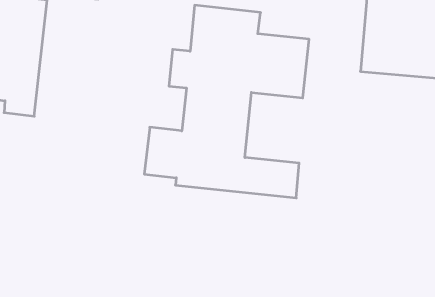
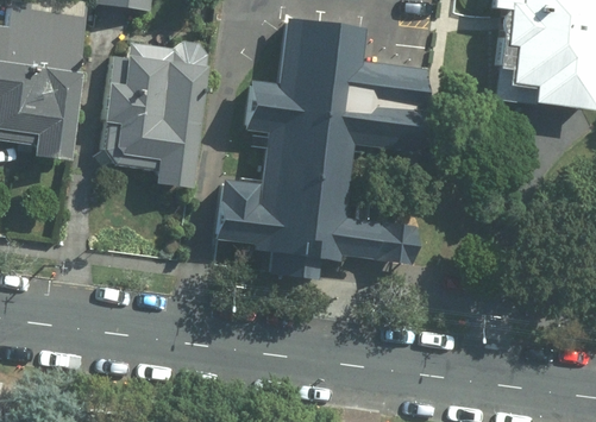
building: none -> [99,39,209,189]

